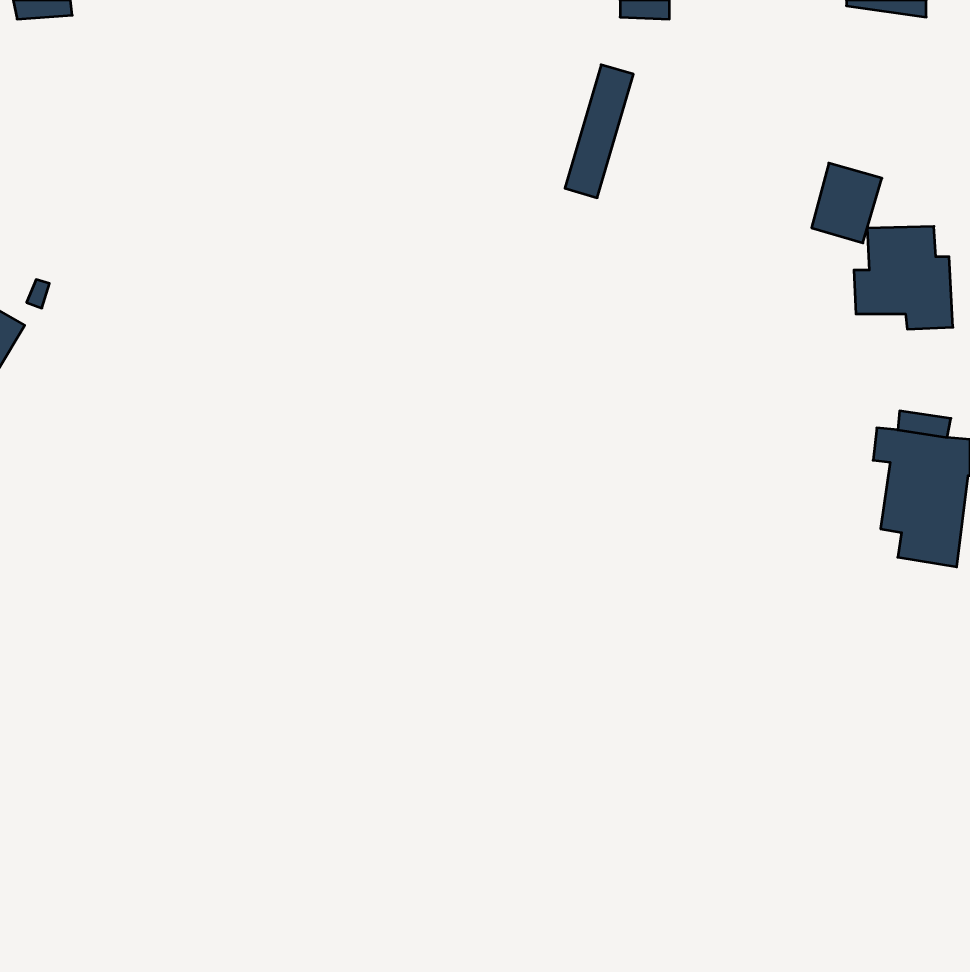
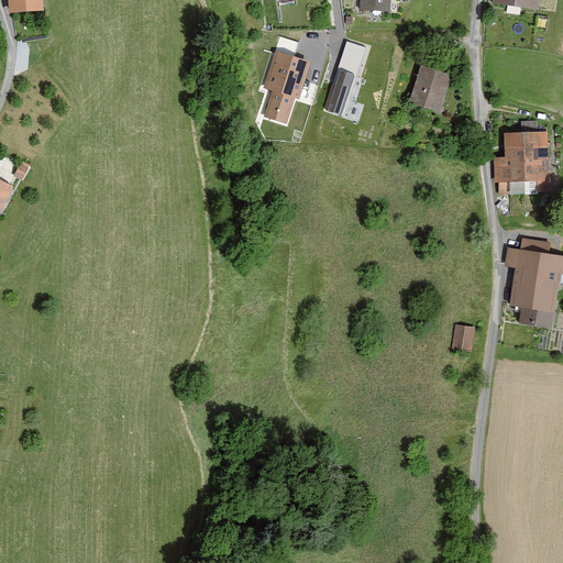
building: none -> [263,35,309,123]
building: [812,163,882,243] -> [409,66,450,112]
building: none -> [452,324,473,351]

